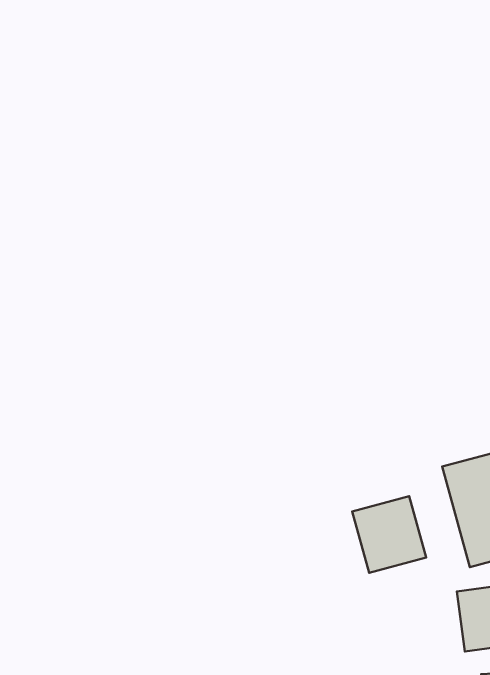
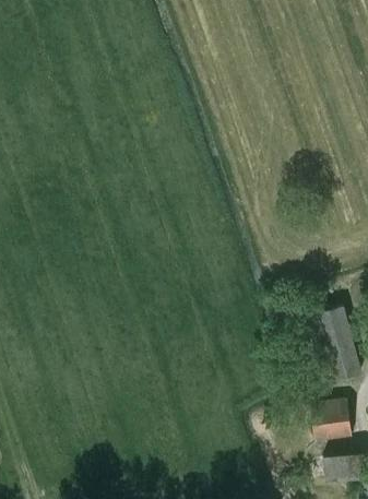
building: [352,496,426,573] -> none

